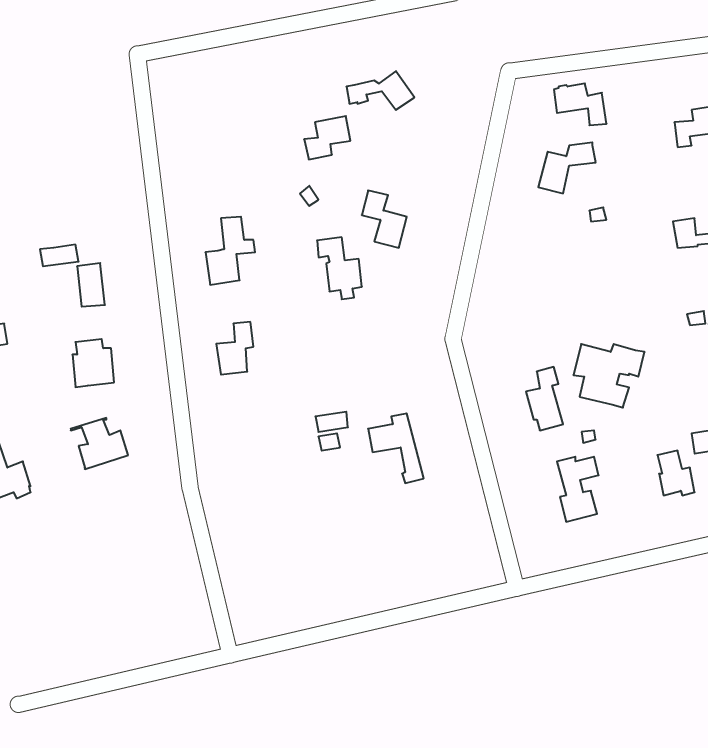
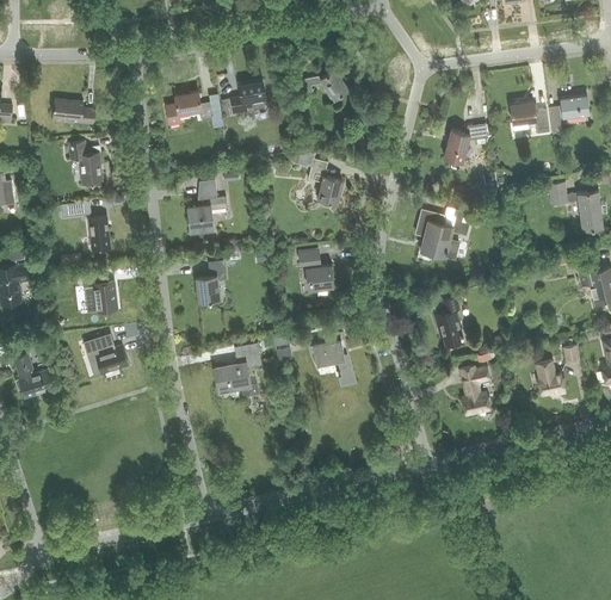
building: [554,83,607,125] -> [510,101,550,134]
building: none -> [166,92,215,125]
building: none -> [53,99,94,124]
building: [304,116,350,159] -> [230,81,266,115]
building: none -> [69,142,103,185]
building: [317,237,362,299] -> [298,249,333,297]
building: [573,344,645,408] -> [415,211,470,260]
building: none -> [215,344,260,396]

